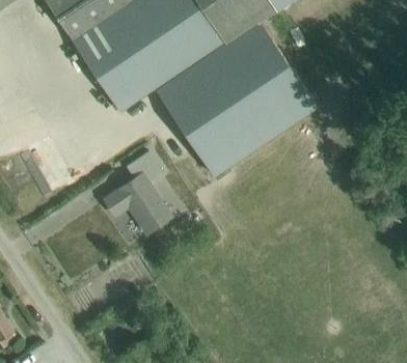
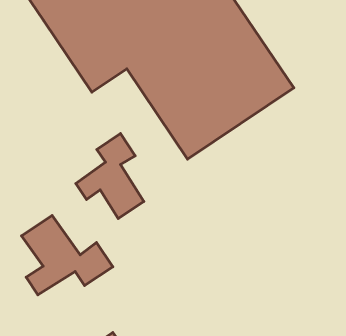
building: none -> [22,216,113,295]

